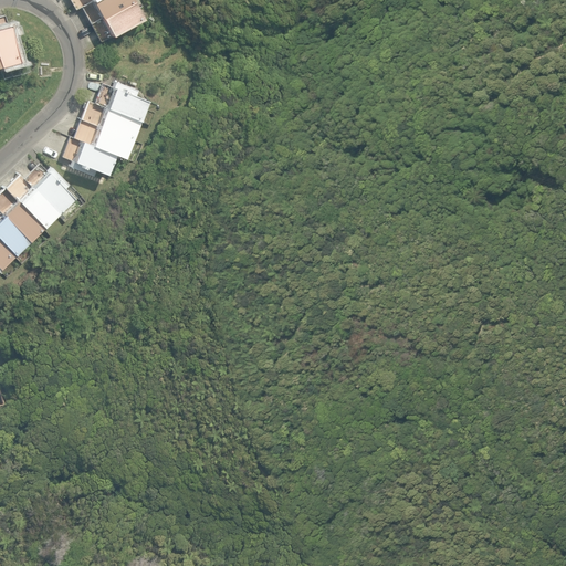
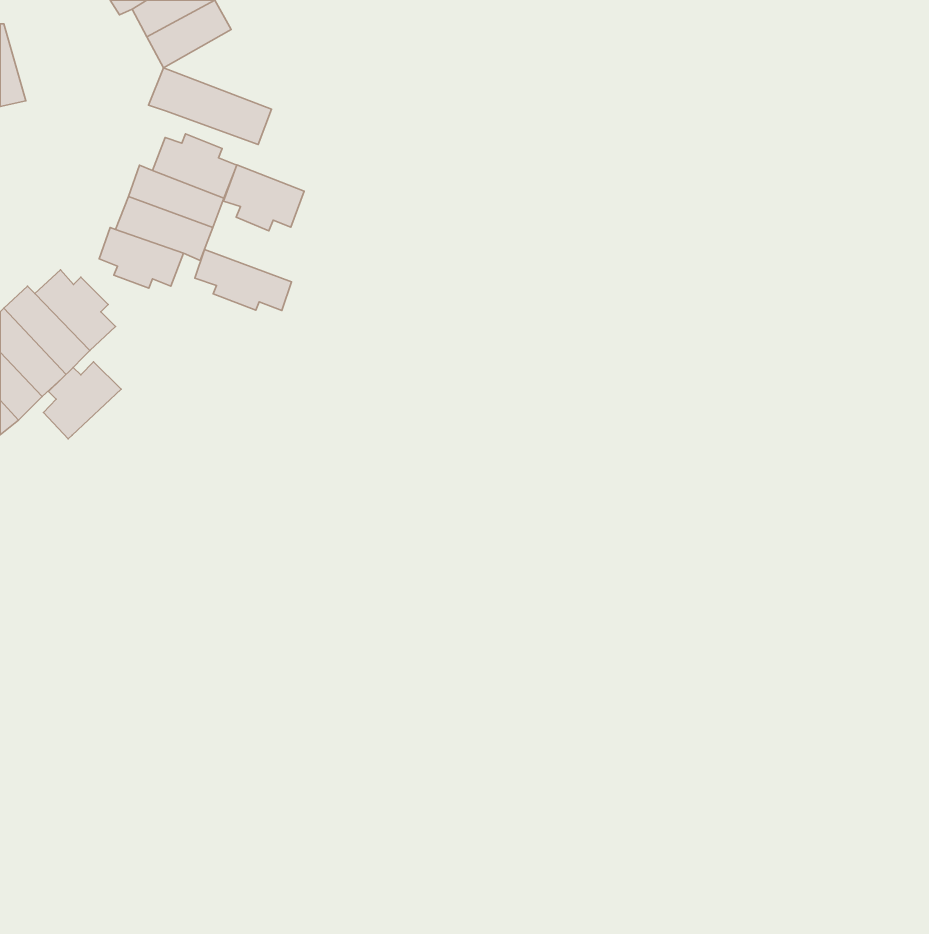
building: none -> [149,68,272,145]
building: none -> [224,165,304,231]
building: none -> [195,250,291,310]
building: none -> [43,362,121,439]

